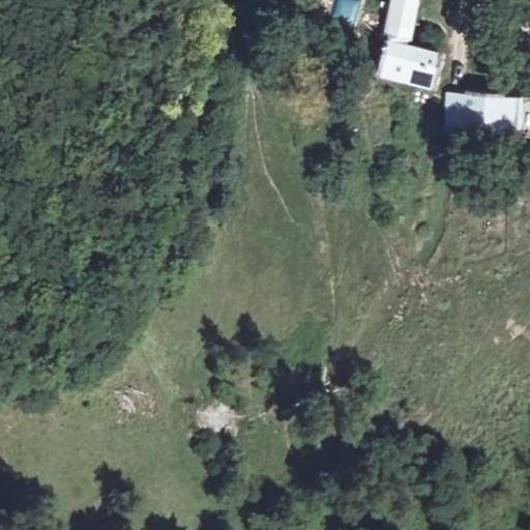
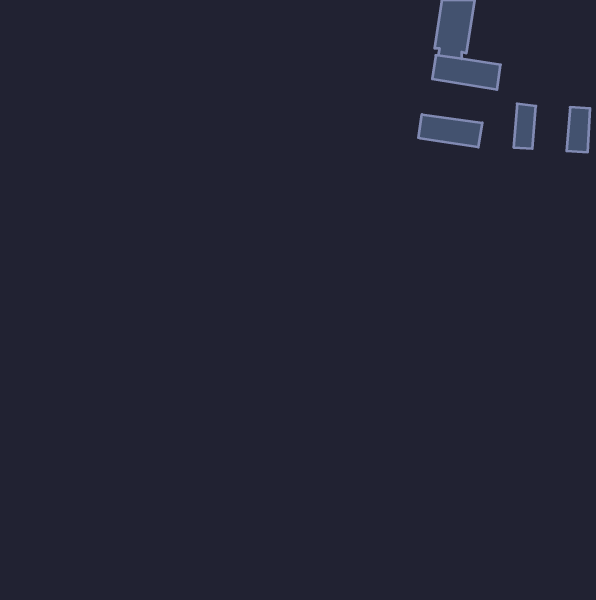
building: [468,92,501,136] -> none
building: none -> [418,114,482,147]

